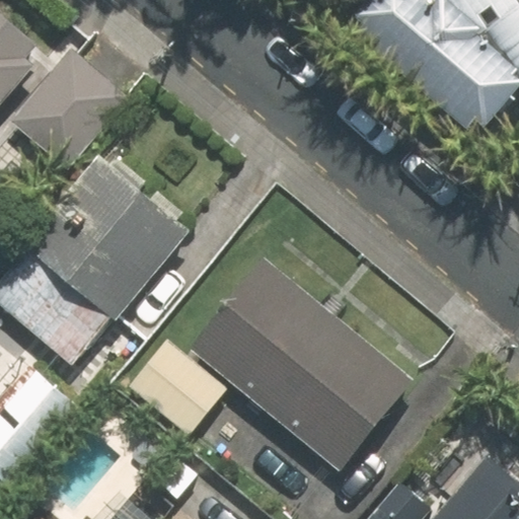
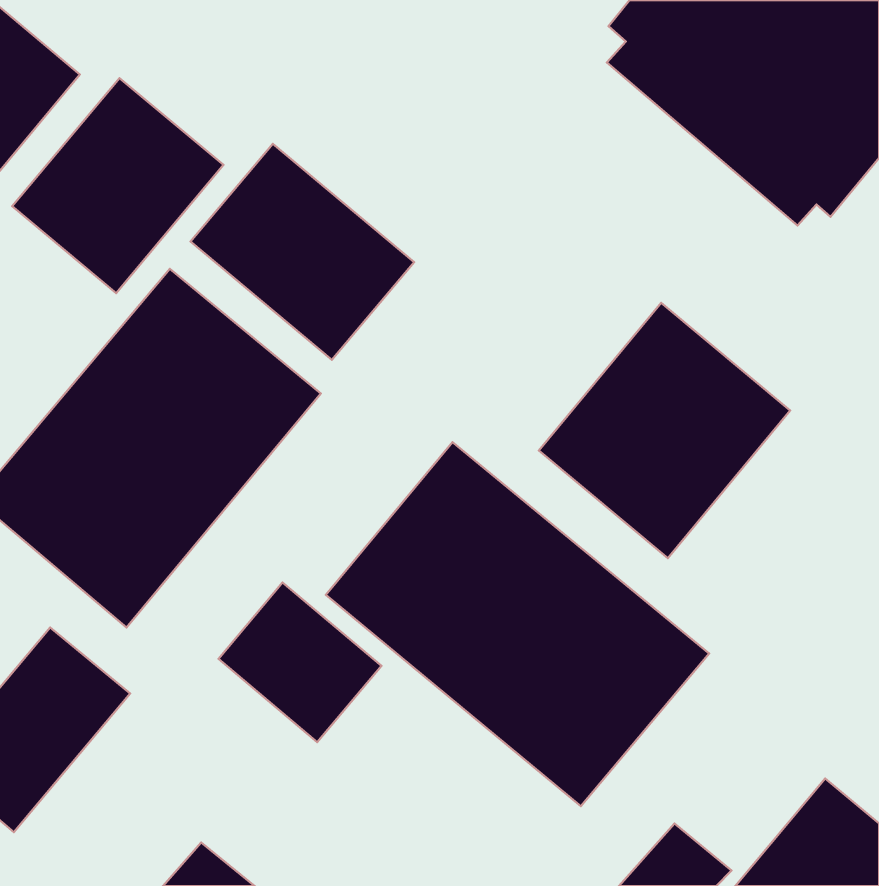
building: none -> [190,144,414,360]
building: none -> [539,303,790,558]

